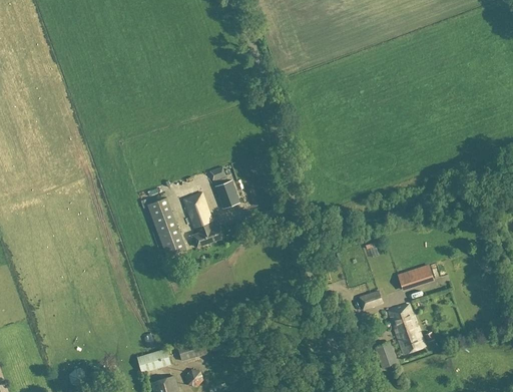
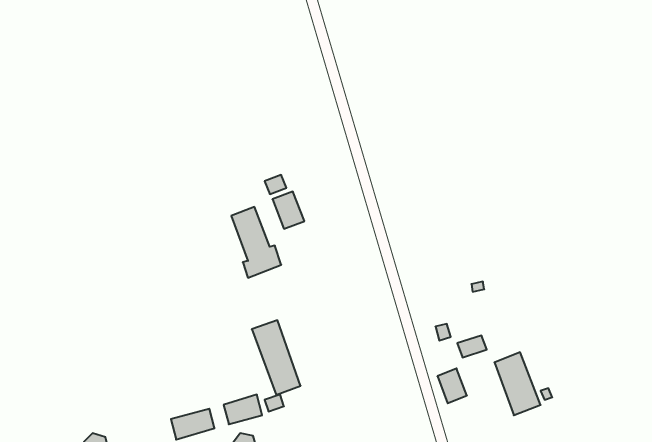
building: [146,195,184,254] -> [252,320,301,395]
building: [400,264,437,290] -> none
building: [374,341,397,368] -> [437,368,467,403]

